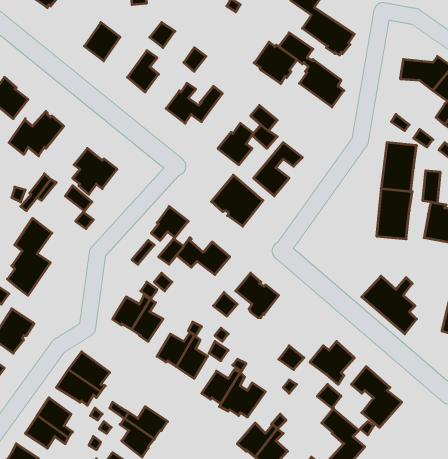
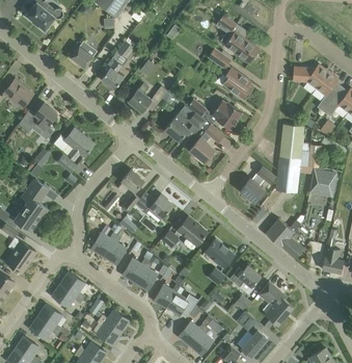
building: [254,42,297,84] -> [211,100,241,129]
building: [211,175,263,226] -> none
building: none -> [240,166,274,202]
building: none -> [205,238,234,267]

